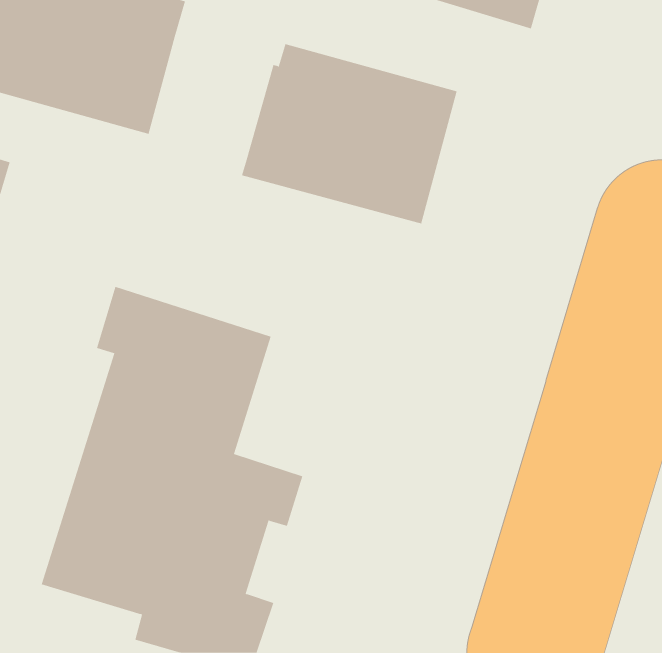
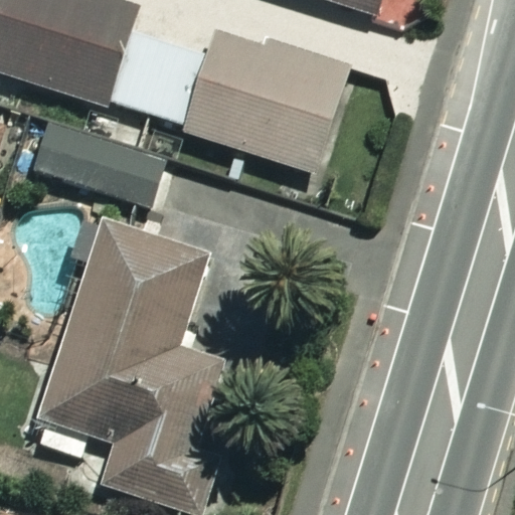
building: none -> [114,28,208,124]
building: none -> [30,119,168,210]

